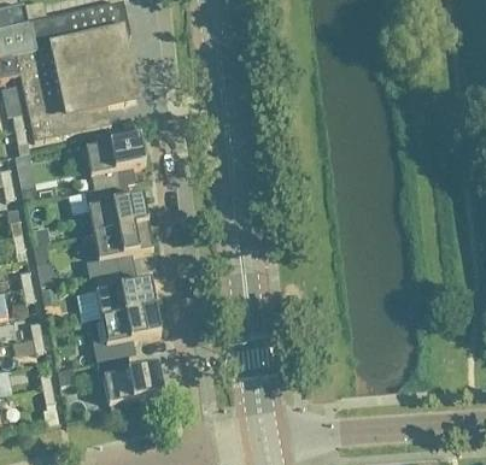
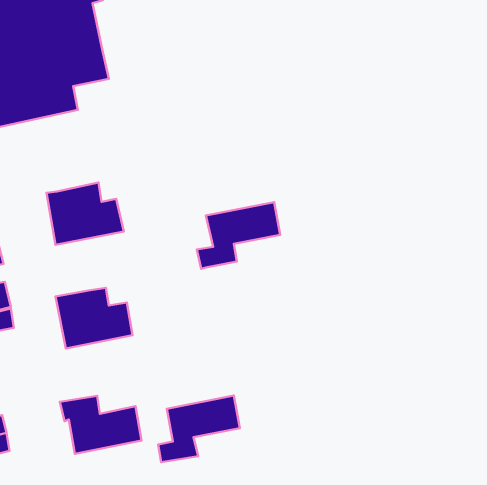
building: [84,133,145,186] -> none
building: [84,218,152,272] -> [197,202,280,269]
building: [93,302,159,357] -> [158,396,240,462]

